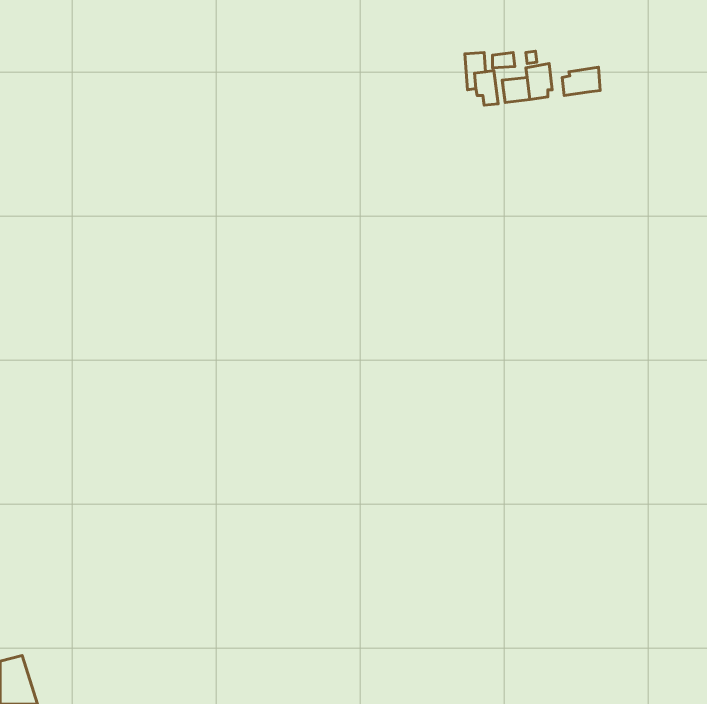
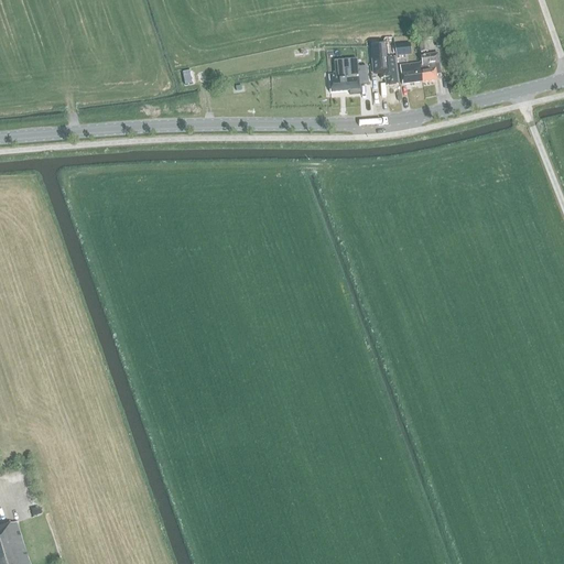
building: [562,67,600,95] -> none
building: none -> [328,58,369,94]

